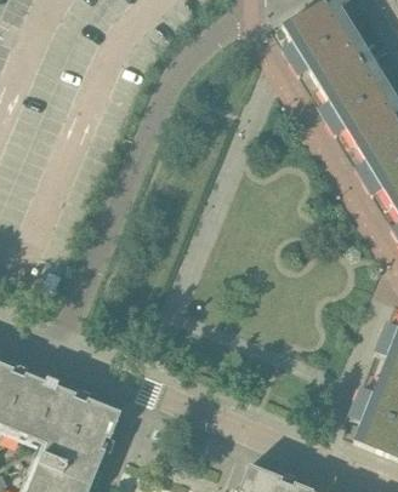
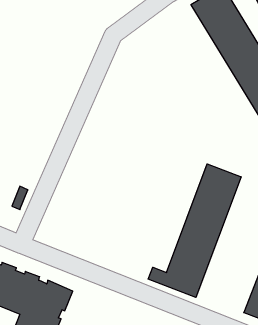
building: none -> [148,164,241,297]

